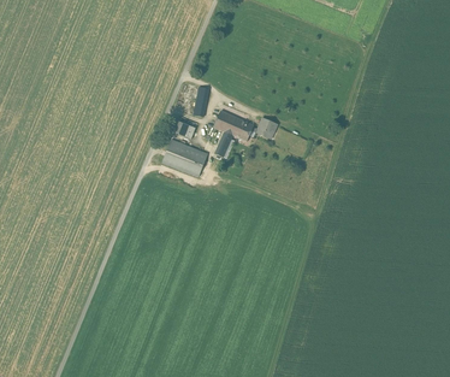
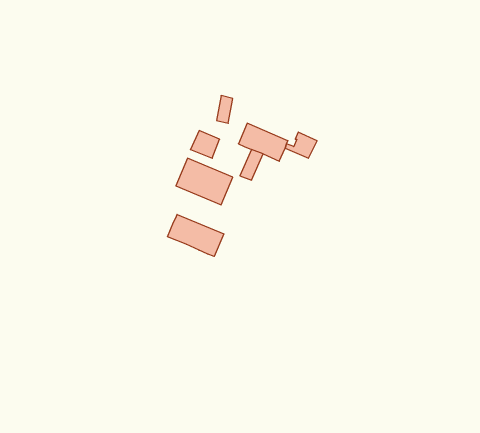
building: none -> [168,214,224,256]

